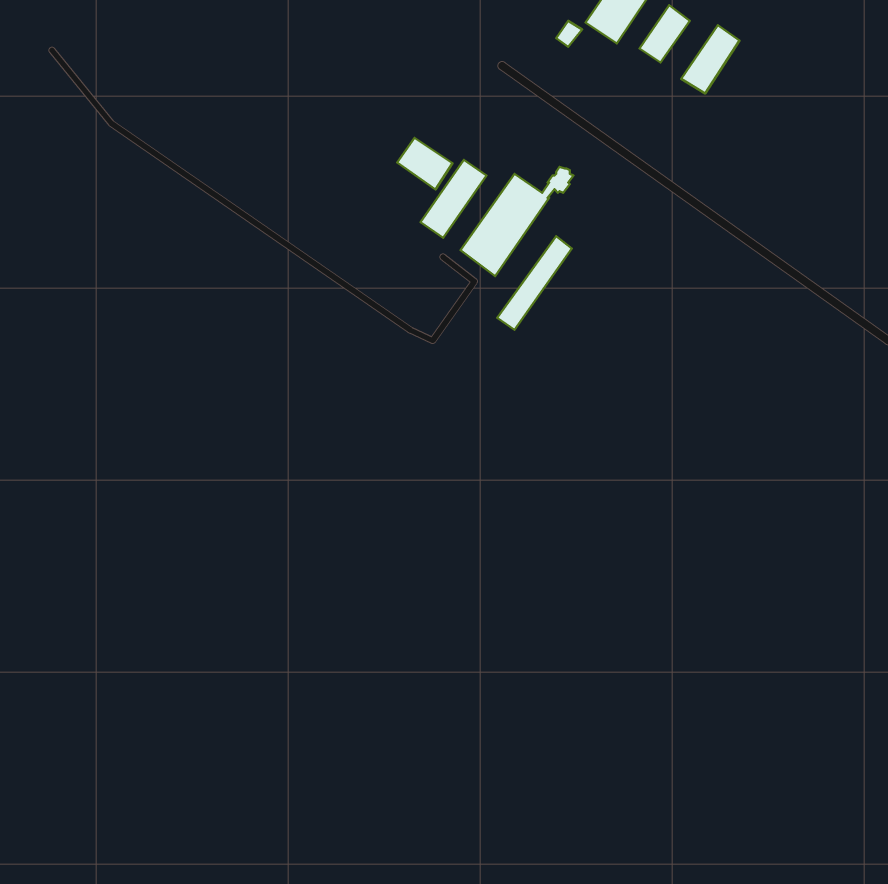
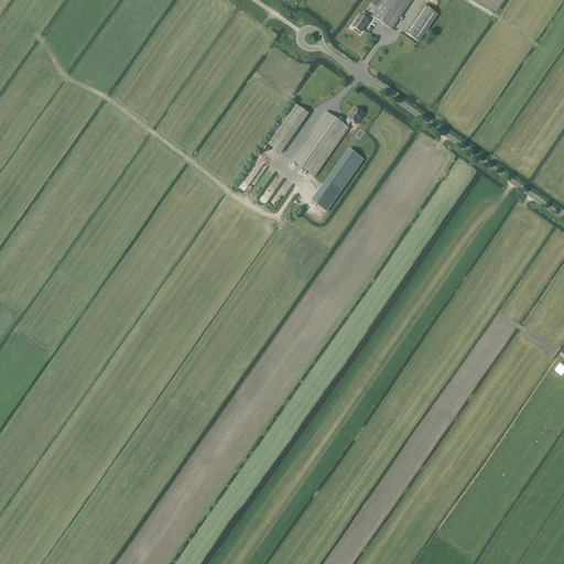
building: [681,25,740,93] -> none
building: [397,138,453,189] -> none

